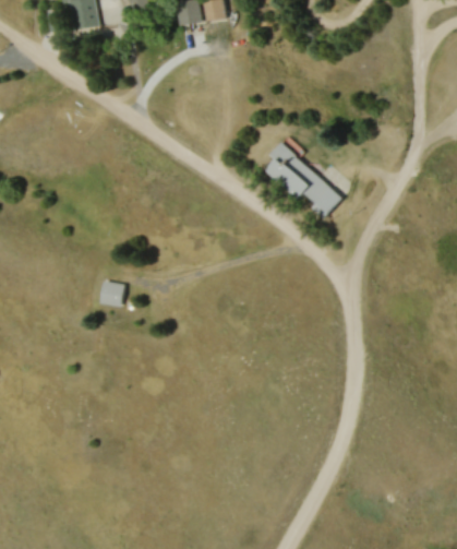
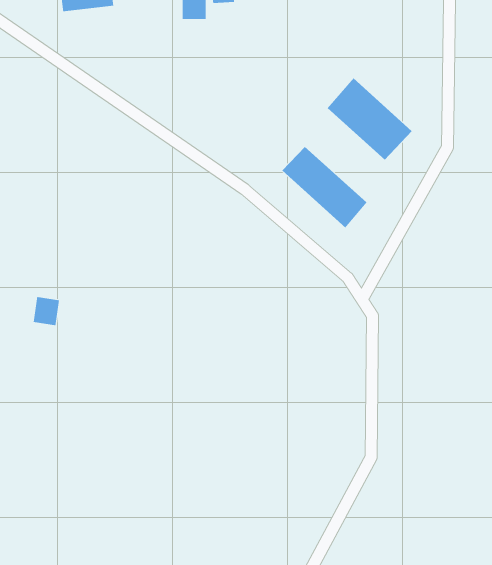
building: none -> [327,78,413,161]
building: [100,279,124,306] -> [33,296,60,326]

